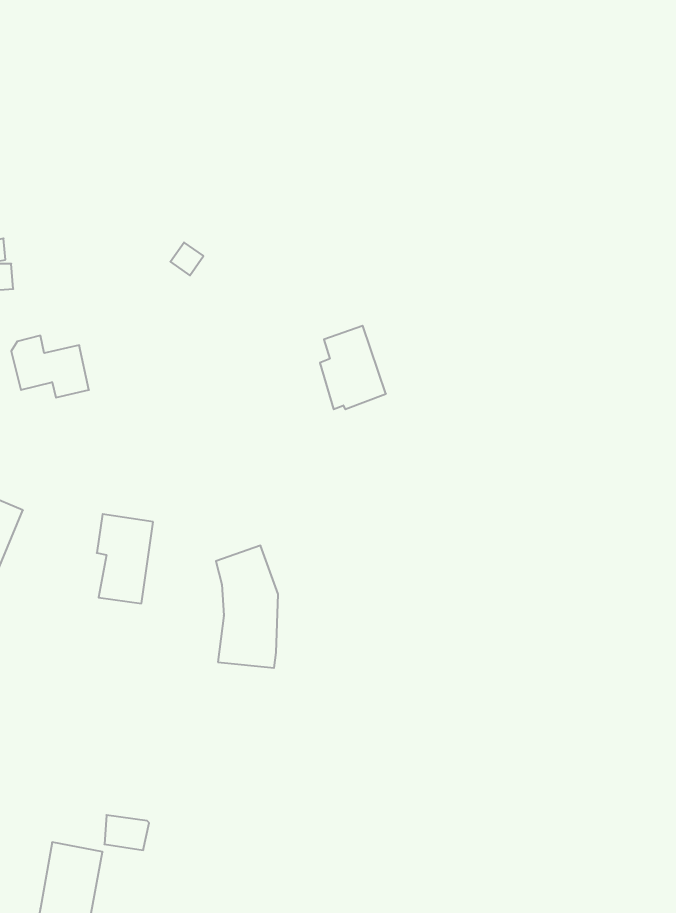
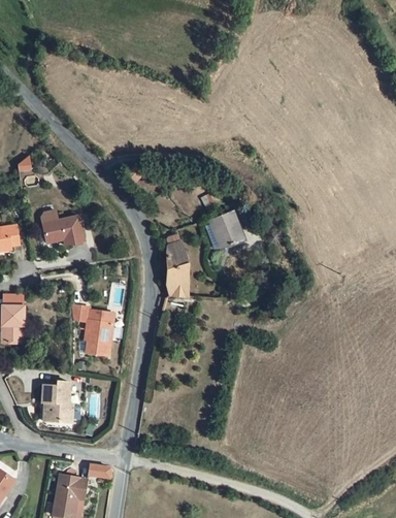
building: [216,546,278,668] -> [158,235,191,300]
building: none -> [41,379,73,416]

